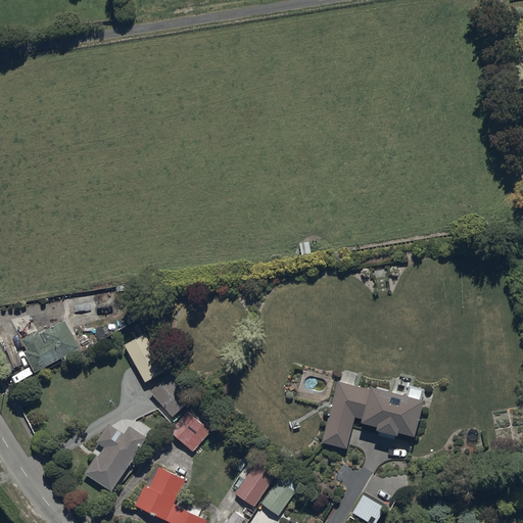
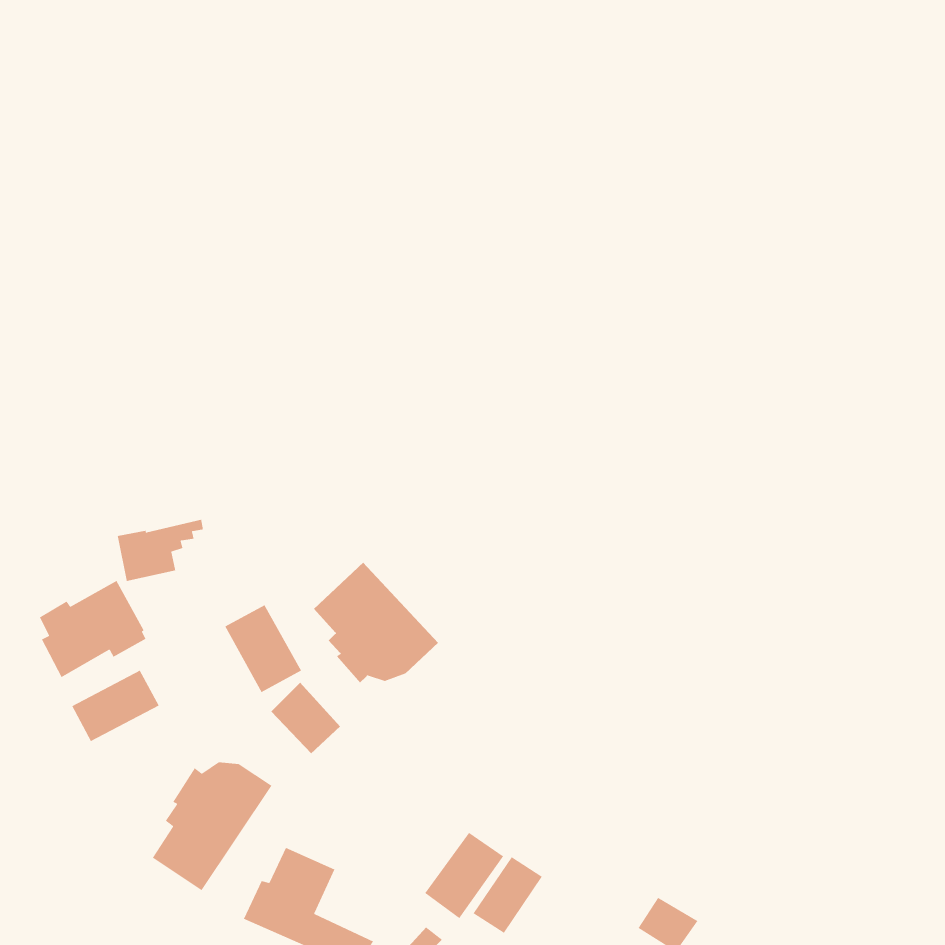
building: none -> [313,562,439,684]
building: none -> [71,670,160,742]
building: [322,382,423,449] -> none
building: [169,412,212,453] -> none

